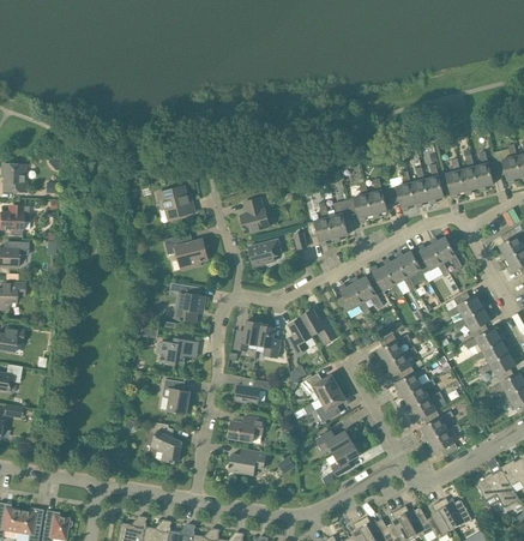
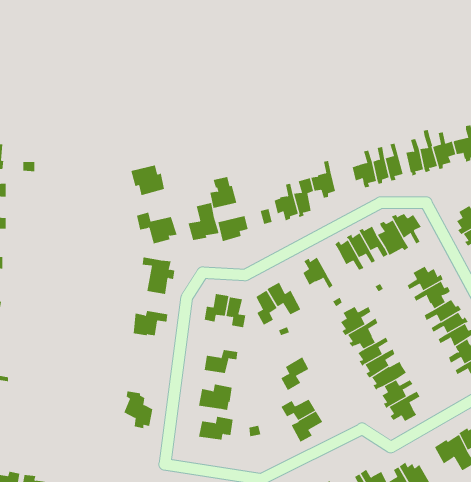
building: [367,179,392,218] -> none
building: none -> [188,202,219,241]
building: [351,276,383,309] -> none
building: [299,375,337,398] -> none
building: [162,379,189,414] -> none

